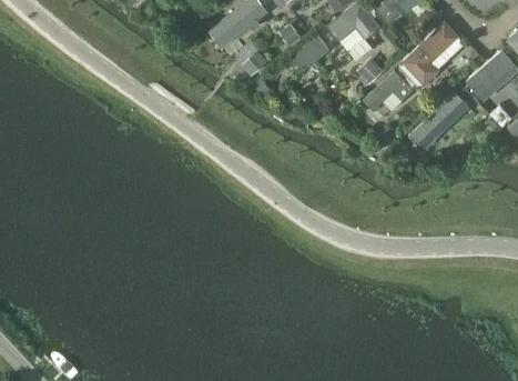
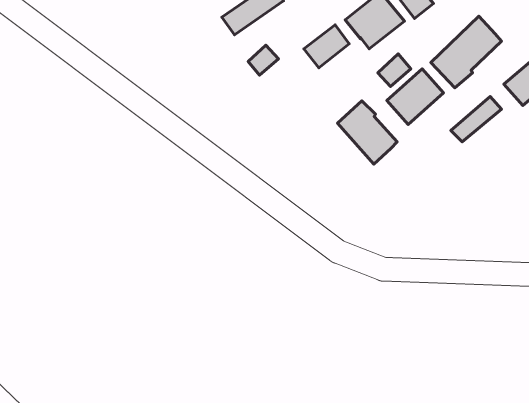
building: none -> [337,101,397,164]

